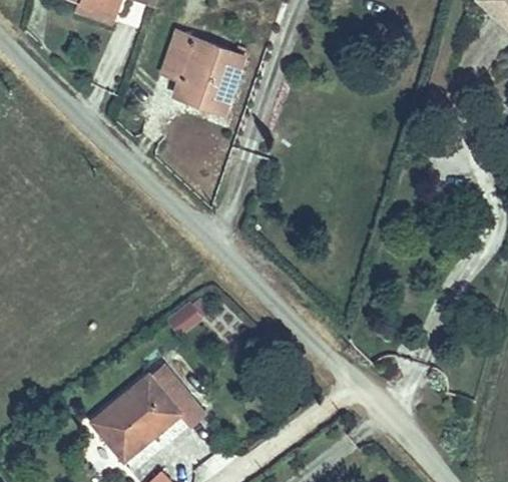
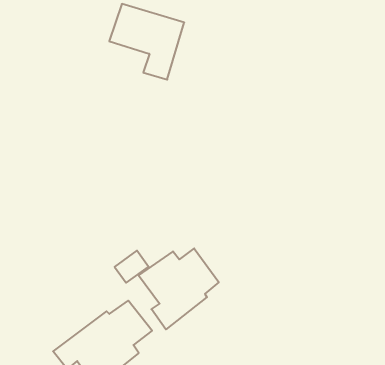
building: none -> [139,248,219,329]

